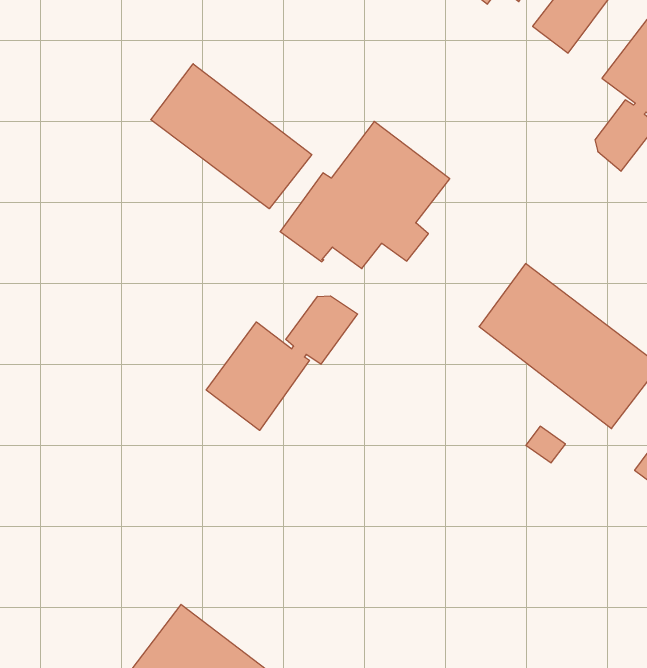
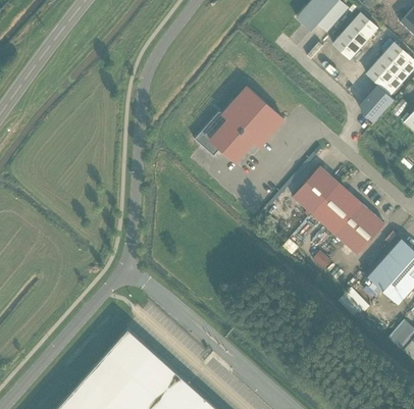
building: [151,64,312,209] -> none
building: [206,296,358,430] -> none

